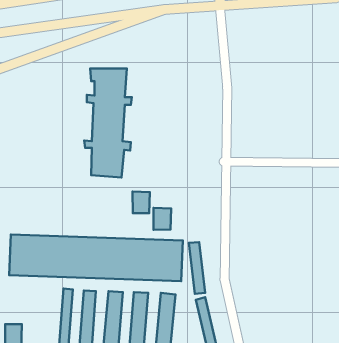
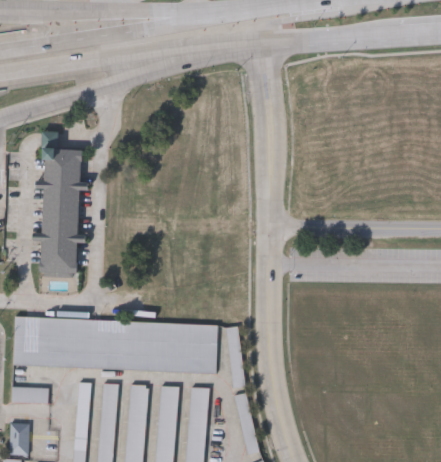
building: [84,68,132,178] -> [38,149,94,278]
building: [133,192,150,213] -> none
building: [153,208,171,230] -> none
building: none -> [11,387,48,403]

